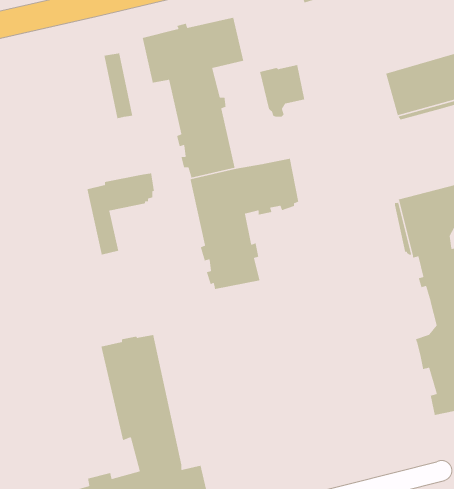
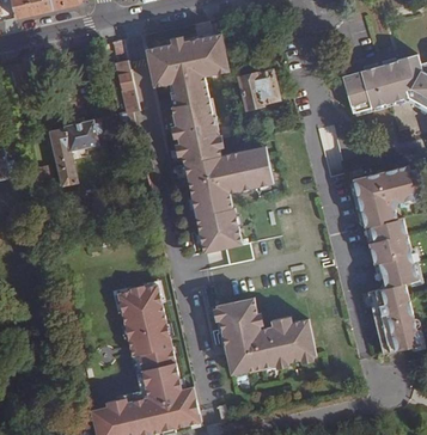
building: [86,173,155,256] -> [49,118,104,185]
building: none -> [215,295,317,373]

